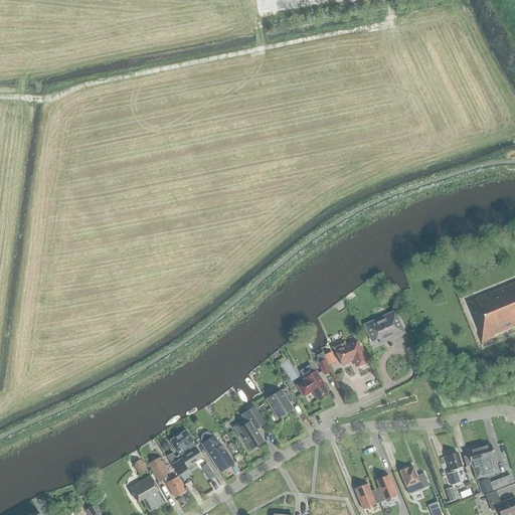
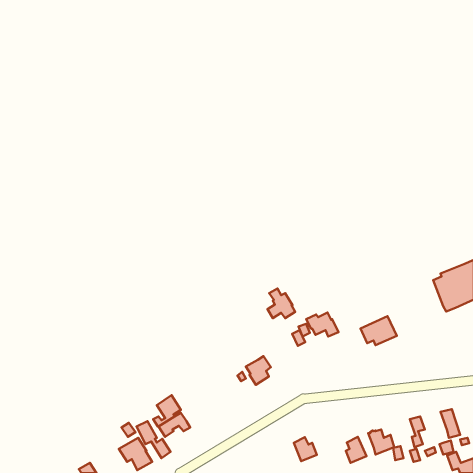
building: [365,311,404,342] -> [361,316,397,345]
building: [298,365,328,397] -> [267,289,295,318]
building: [237,406,266,449] -> none
building: [201,432,233,472] -> none
building: [464,447,488,479] -> none
building: [356,483,381,509] -> [294,437,317,461]

